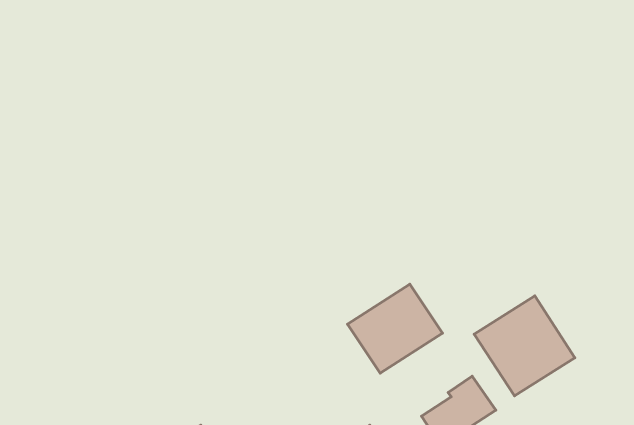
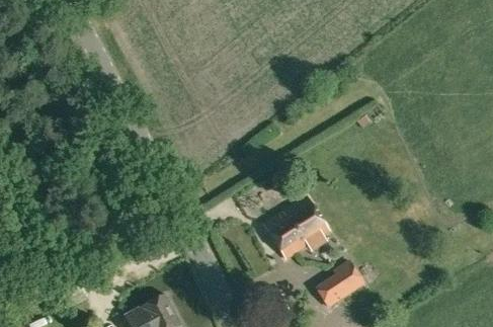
building: [474,296,575,396] -> none

